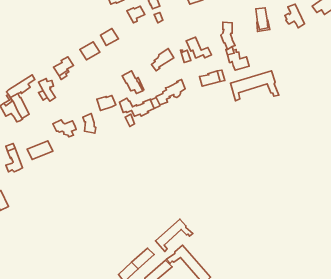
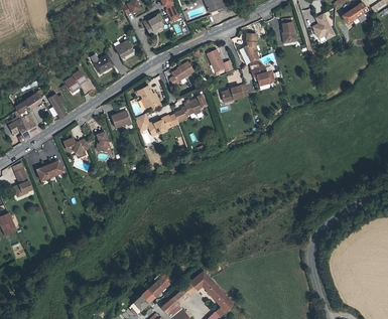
building: [230,71,279,101] -> none
building: [156,219,193,251] -> none

